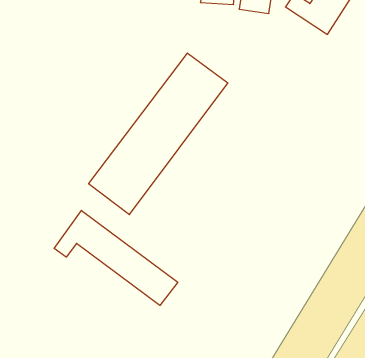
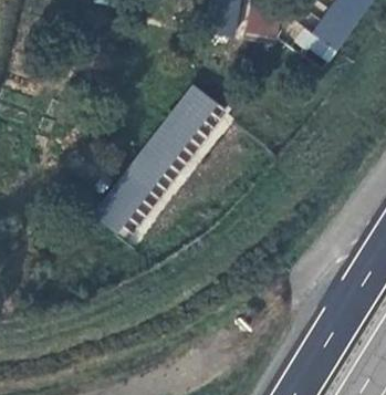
building: [54,210,178,305] -> none

